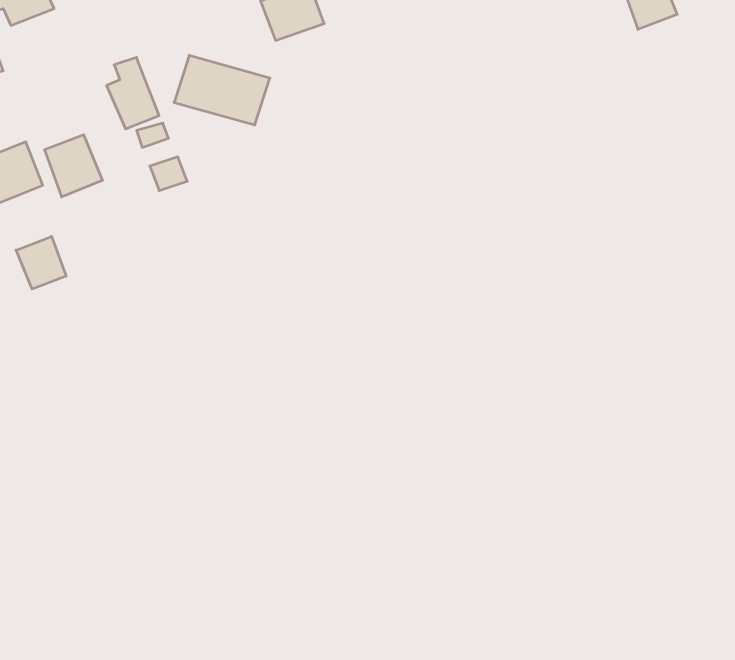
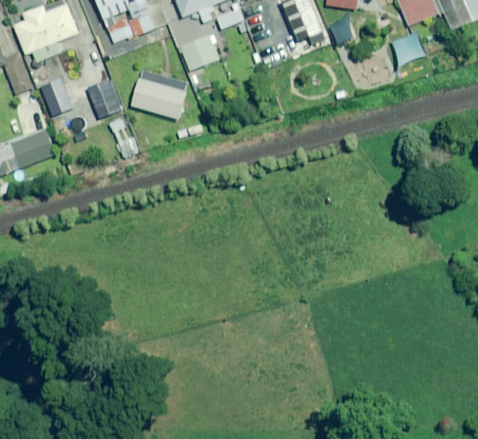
building: [44,135,103,197] -> [38,76,72,112]
building: [16,236,66,289] -> none

